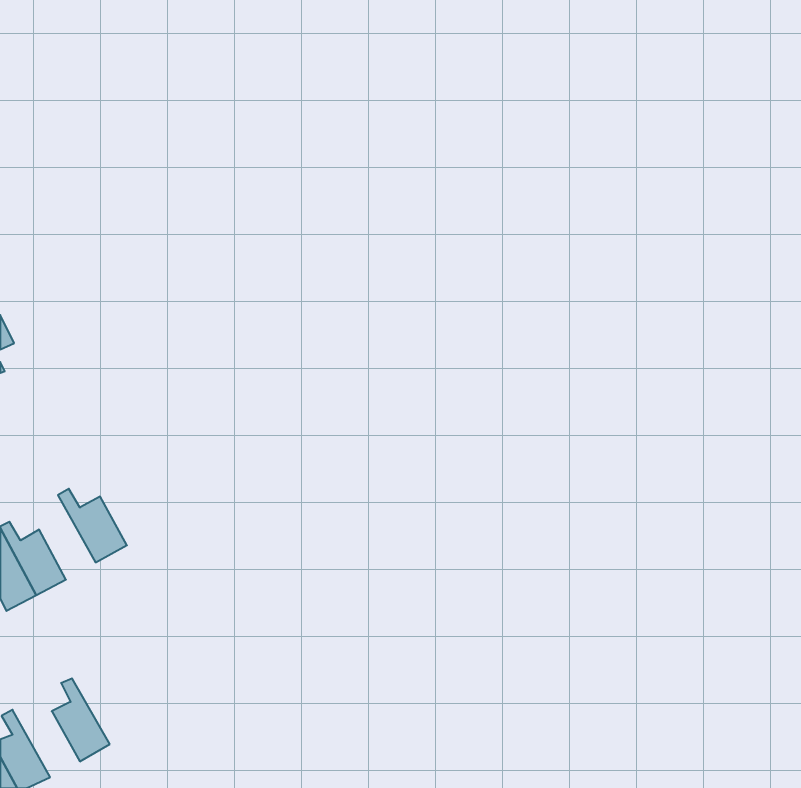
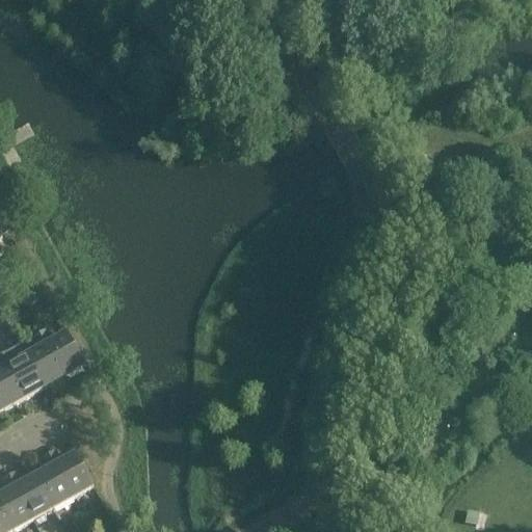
building: none -> [26,328,63,384]
building: none -> [48,446,94,494]
building: none -> [8,468,53,515]

